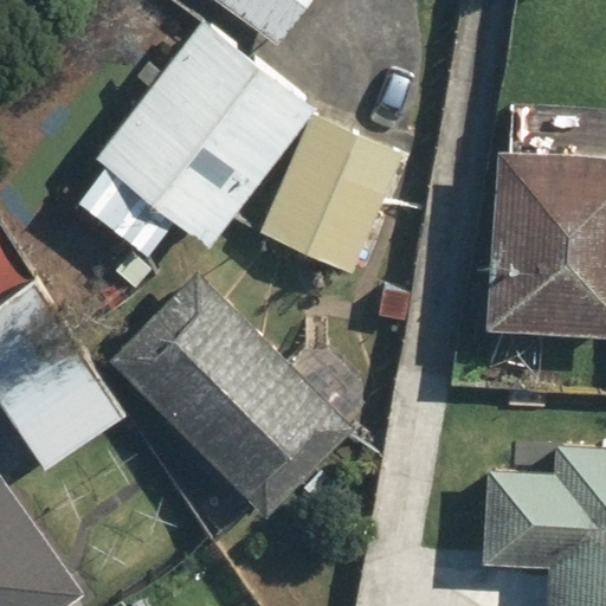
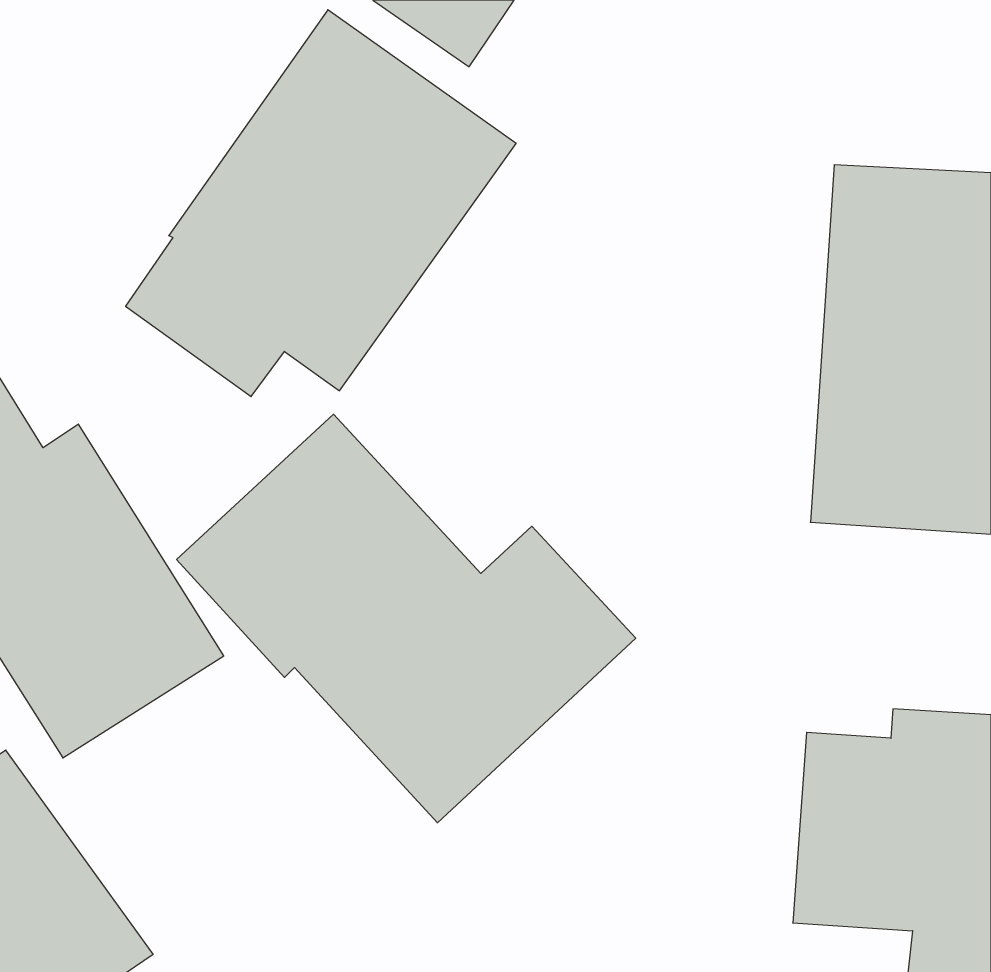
building: [264,128,394,267] -> none

